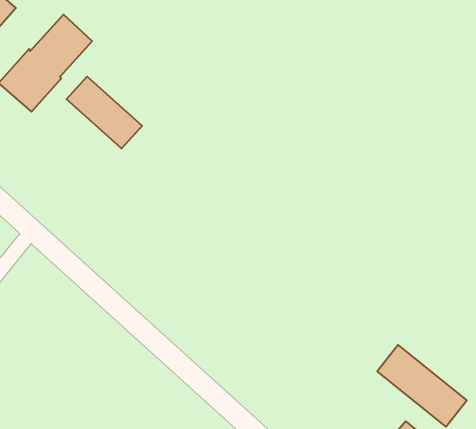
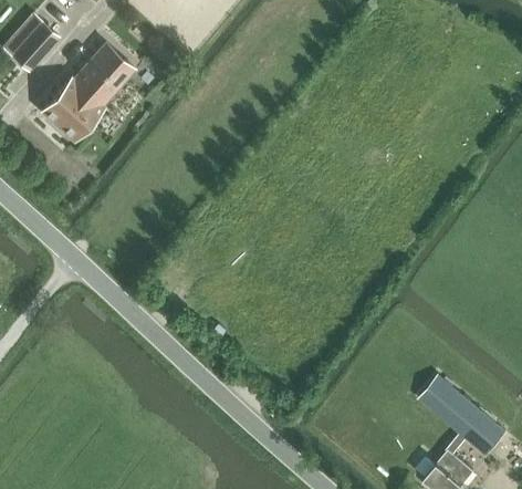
building: [67,77,142,149] -> none

